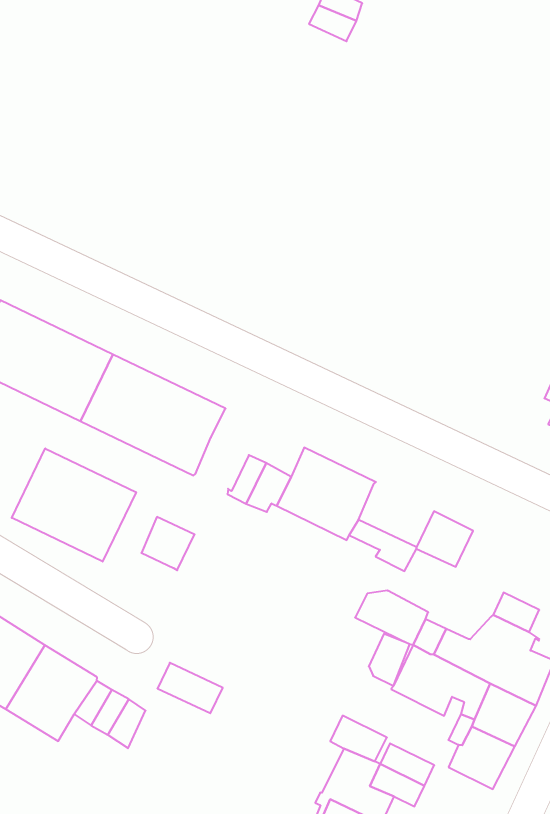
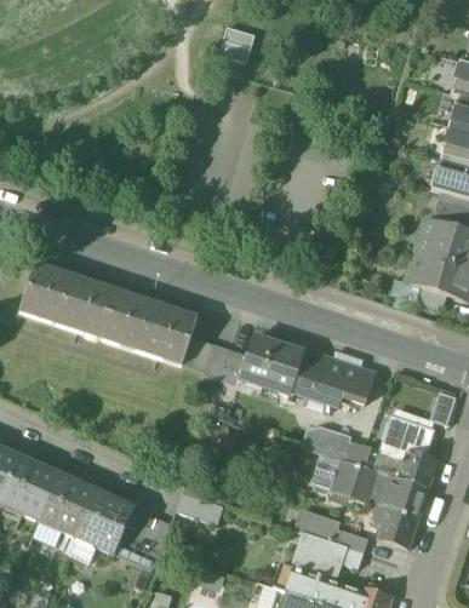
building: [12,448,136,562] -> none
building: none -> [294,354,344,392]
building: [141,517,195,570] -> [182,337,216,371]

